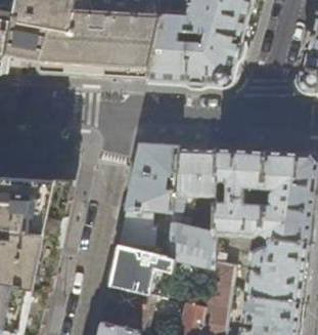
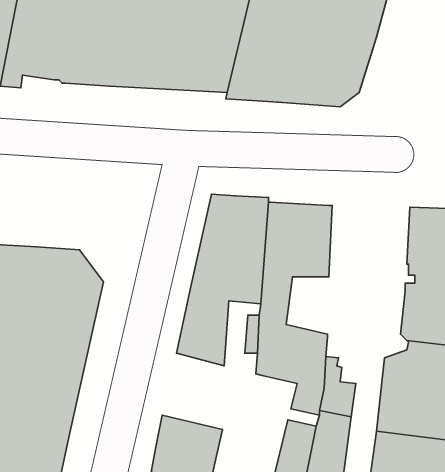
building: [214,148,267,237] -> none
building: [107,245,172,294] -> none

